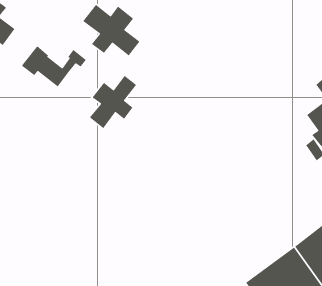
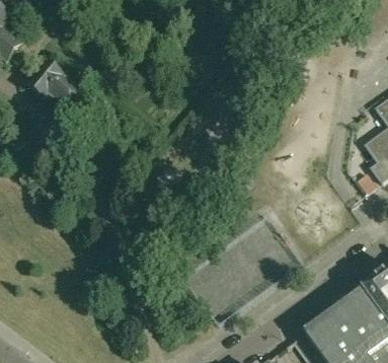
building: [82,4,141,56] -> none
building: [89,75,137,129] -> none

